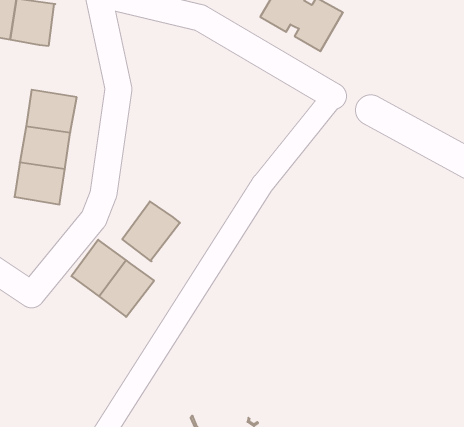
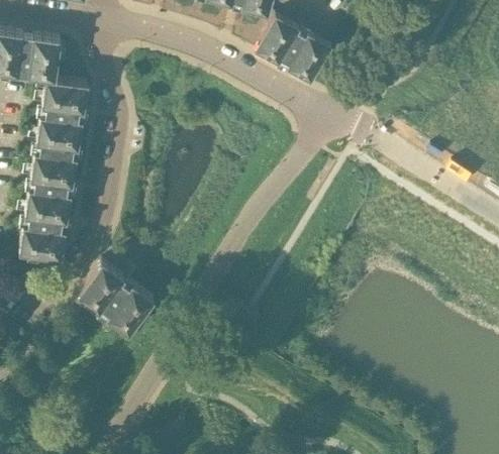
building: none -> [42,77,91,126]
building: none -> [22,220,69,257]
building: [122,201,180,261] -> none

